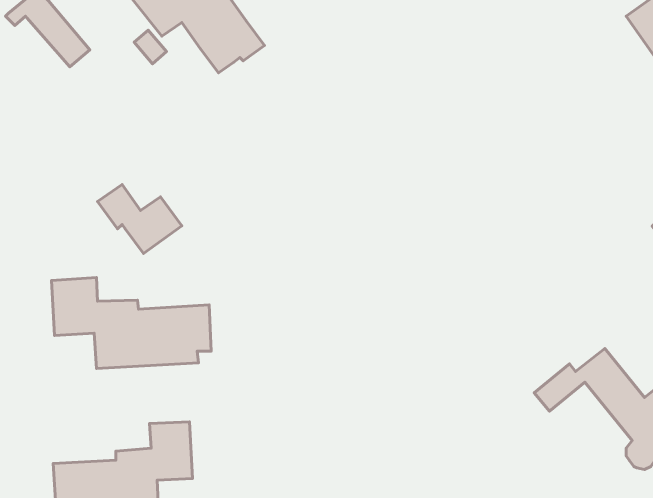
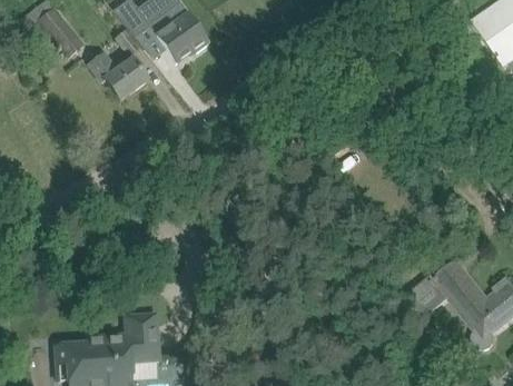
building: [98,185,182,253] -> [88,50,149,100]
building: [52,277,211,369] -> none

